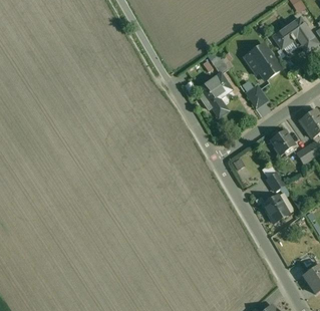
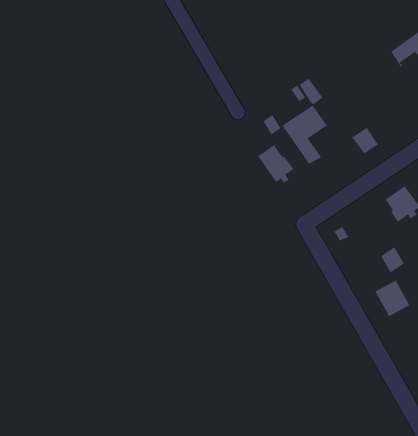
building: [249,44,280,80] -> none
building: none -> [257,144,294,184]

